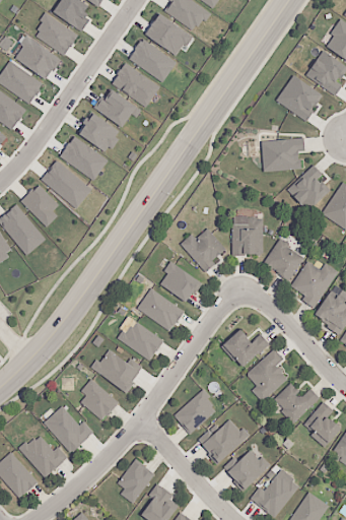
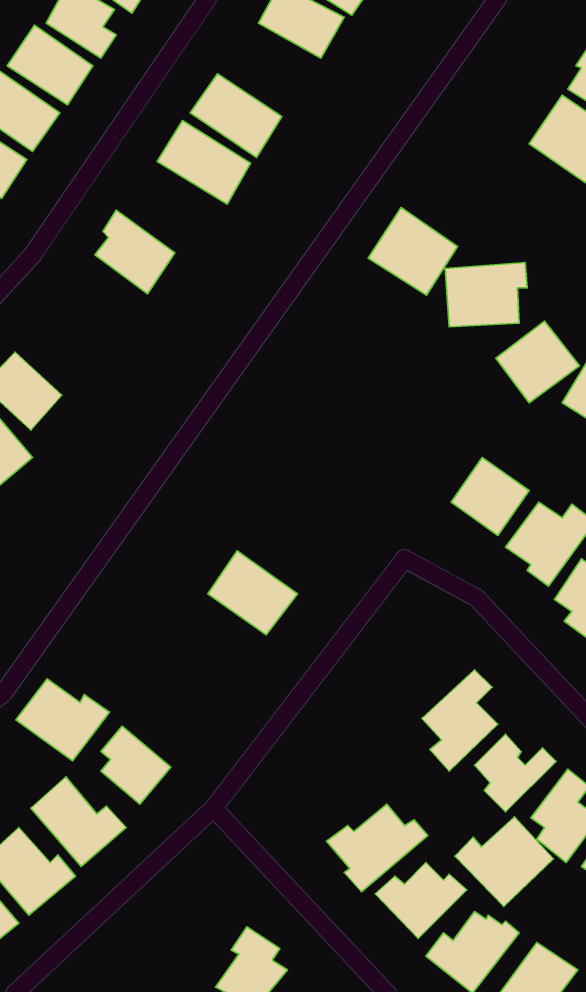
building: [144,14,193,54] -> none
building: [275,74,322,120] -> [368,208,458,295]
building: [95,88,137,128] -> none
building: [59,135,108,180] -> none
building: [41,160,91,208] -> none
building: [232,216,263,254] -> none
building: [182,226,227,272] -> none
building: [161,261,200,303] -> none
building: [118,318,163,361] -> none
building: [222,329,270,370] -> none
building: [95,349,144,392] -> [16,679,109,761]
building: [174,389,215,434] -> none
building: none -> [455,817,553,906]
building: [118,459,154,503] -> none

